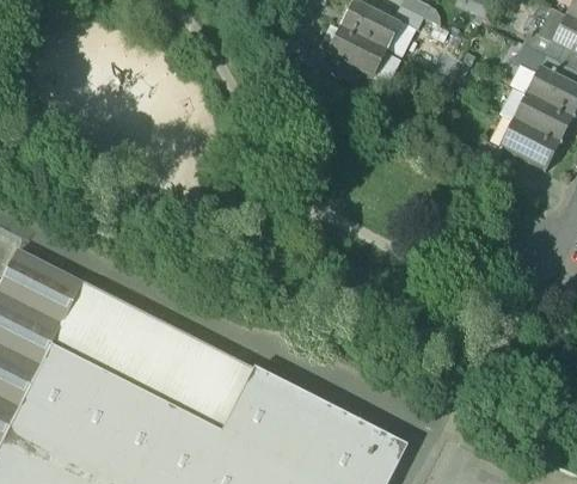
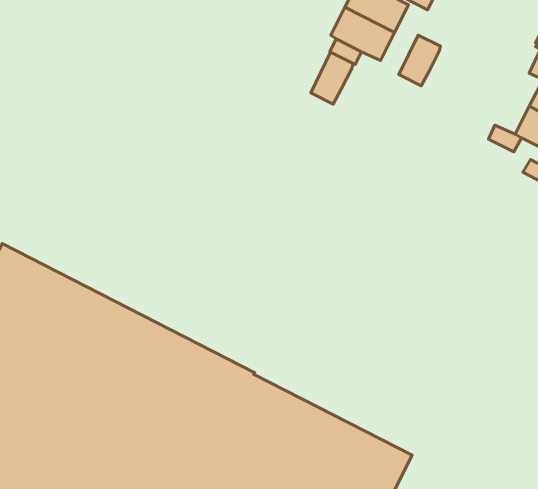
building: none -> [399,35,441,86]
building: none -> [311,52,353,104]

